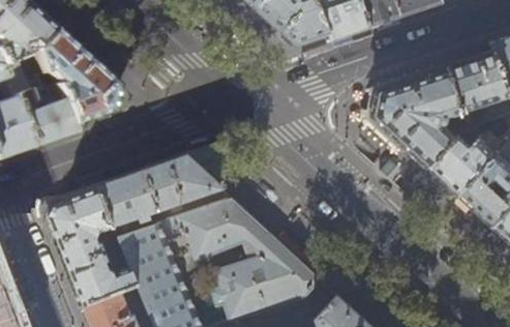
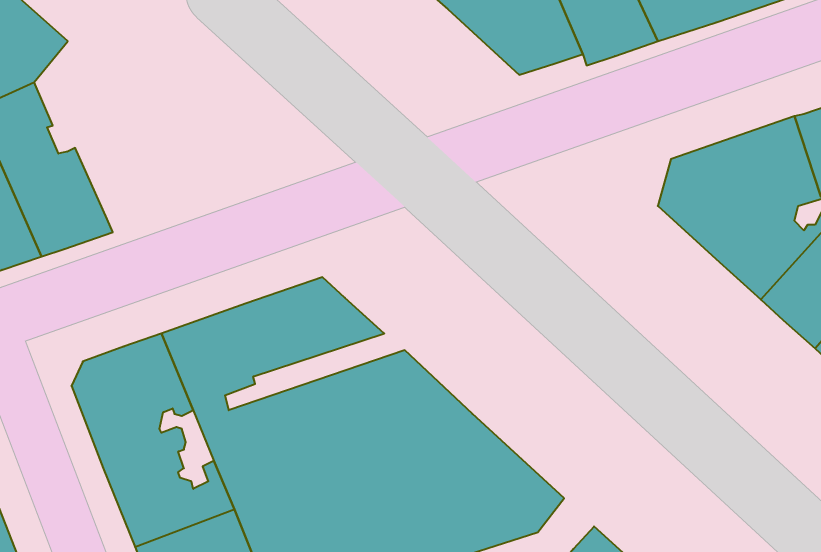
building: [27,26,109,124] -> none

